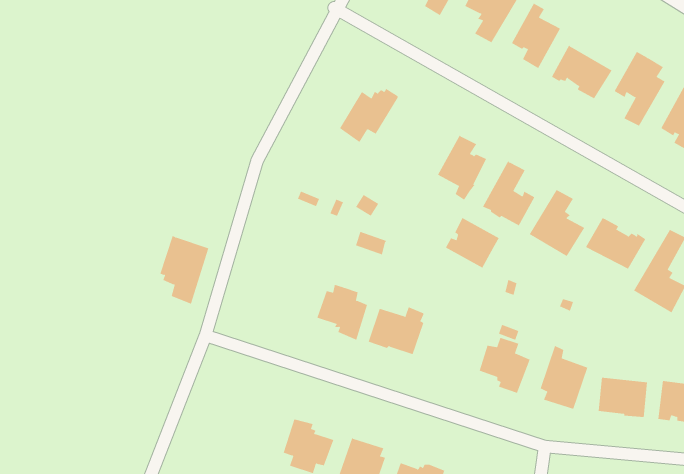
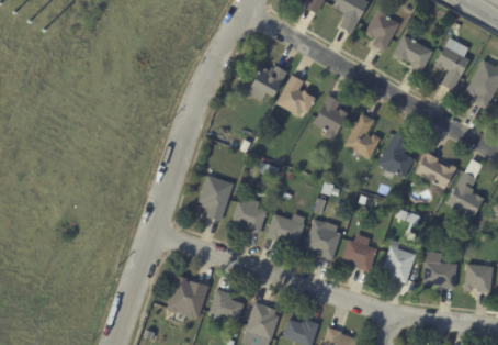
building: none -> [276,75,316,115]
building: [445,217,500,268] -> none
building: [159,235,209,304] -> [199,174,233,221]
building: none -> [304,218,341,259]
building: none -> [167,274,210,318]

